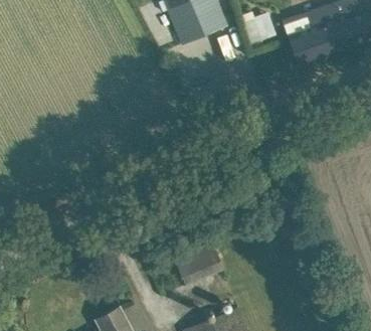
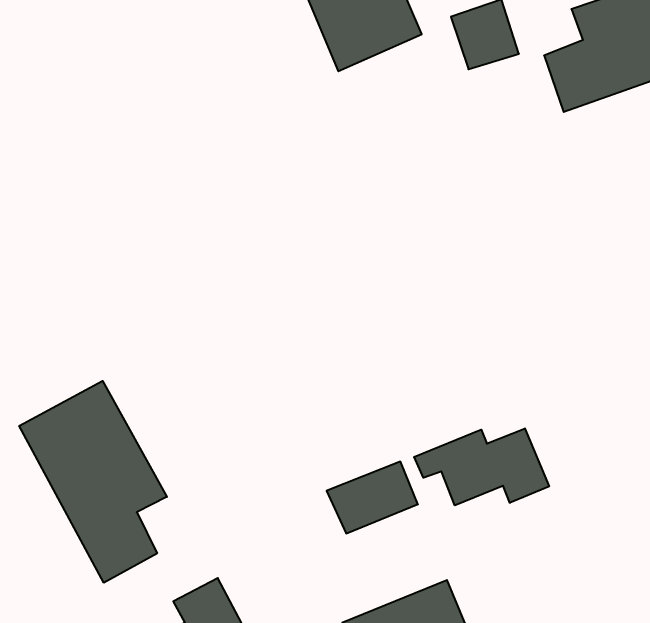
building: none -> [19,381,167,583]
building: none -> [414,428,549,505]

